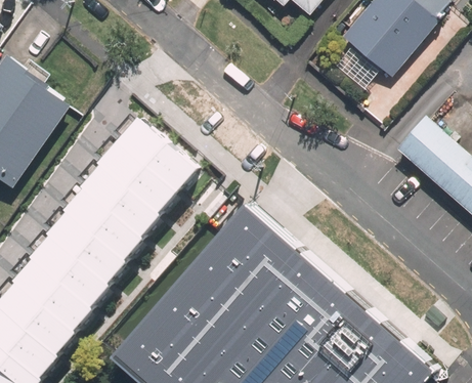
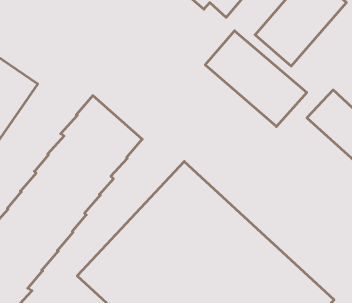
building: none -> [205,31,307,127]

